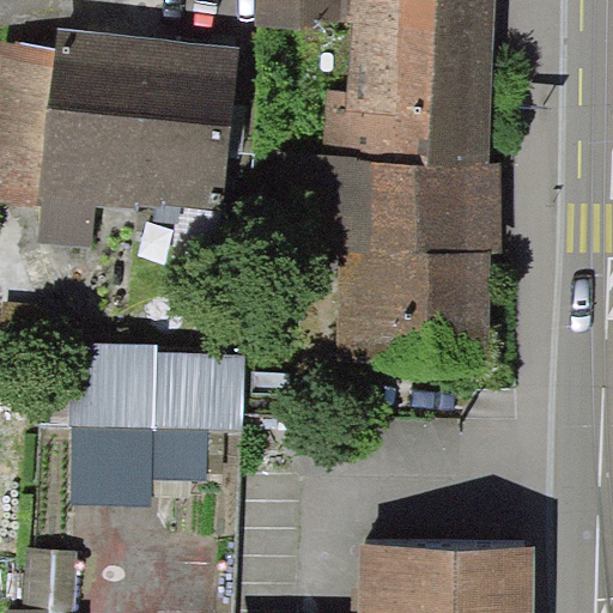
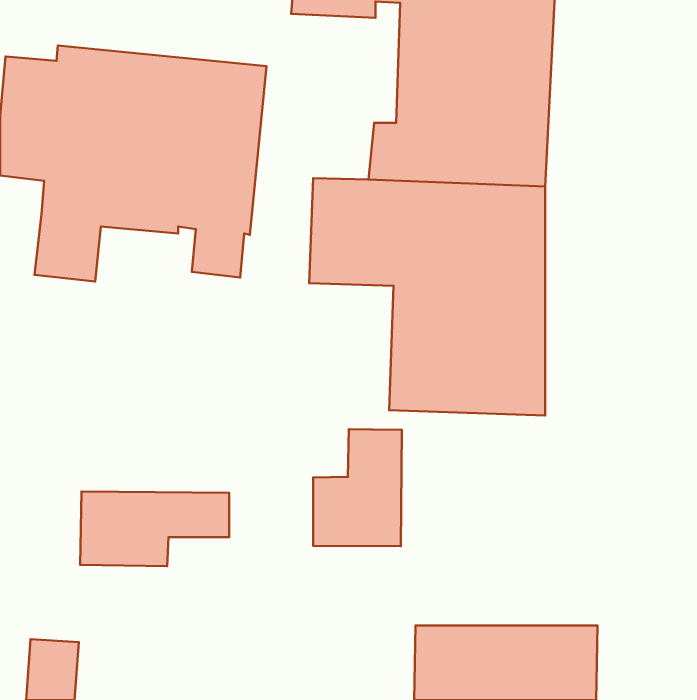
building: [78,351,244,427] -> none
building: none -> [313,429,402,546]

